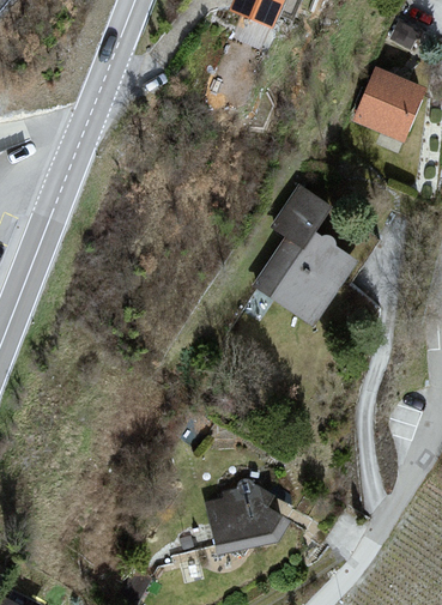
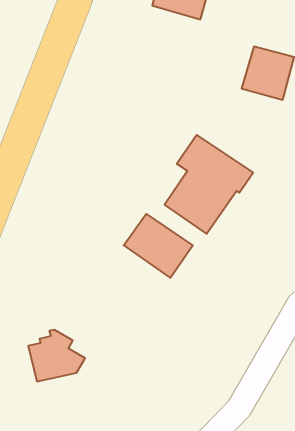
building: none -> [124,214,193,278]
building: [204,483,281,553] -> [28,330,85,382]

